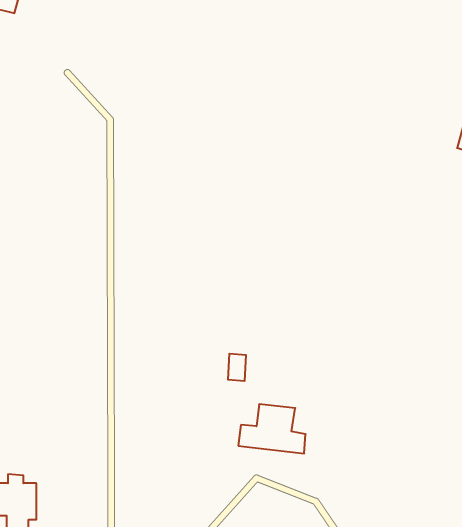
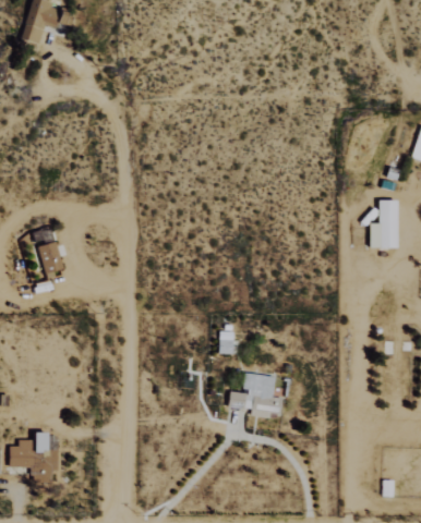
building: none -> [370,199,398,247]
building: none -> [37,241,63,273]

